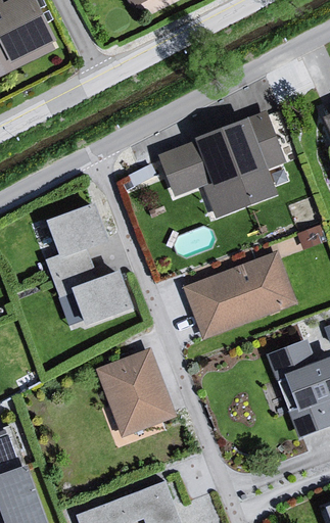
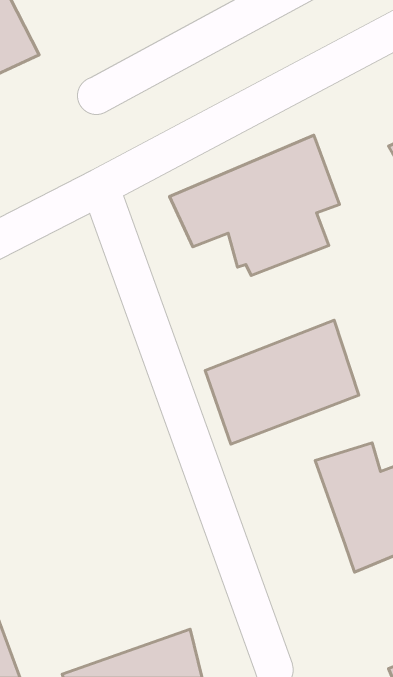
building: [44,200,137,332] -> none
building: [94,341,175,431] -> none

